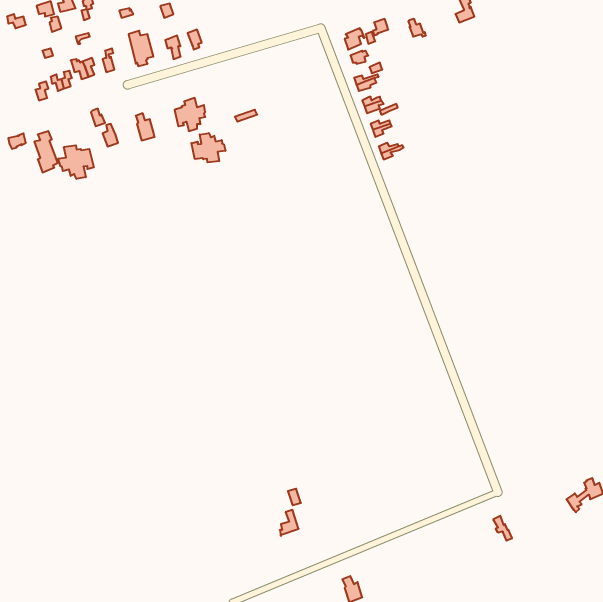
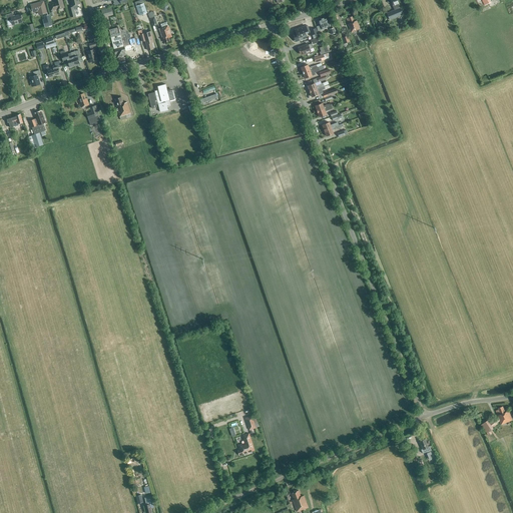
building: [191,133,225,162] -> none
building: [58,145,94,179] -> none

